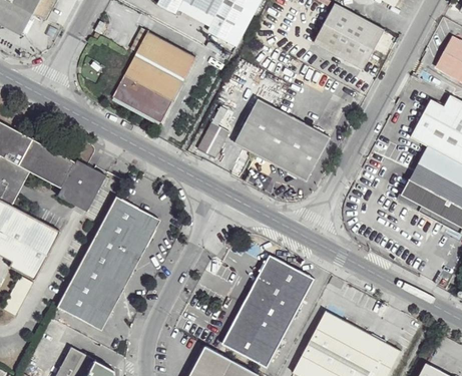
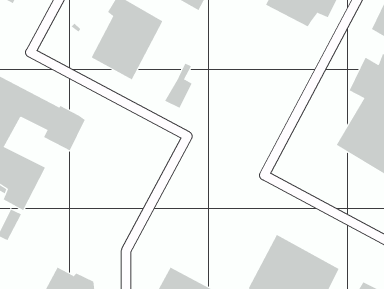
building: [236,95,341,177] -> none
building: [56,194,160,327] -> none
building: [221,251,315,363] -> none

